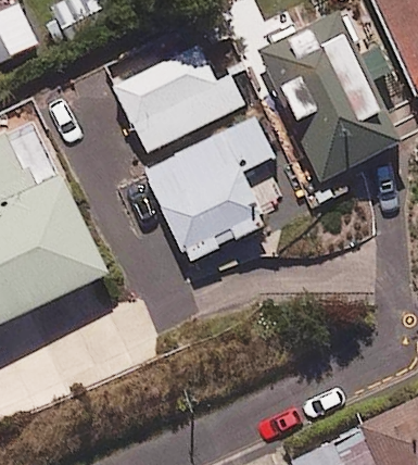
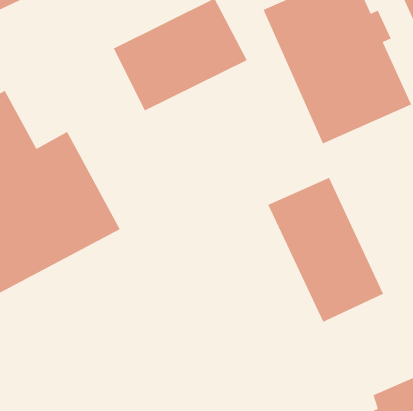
building: [143,120,271,263] -> none
building: none -> [267,177,384,323]

